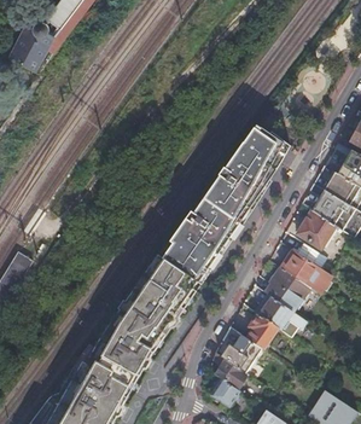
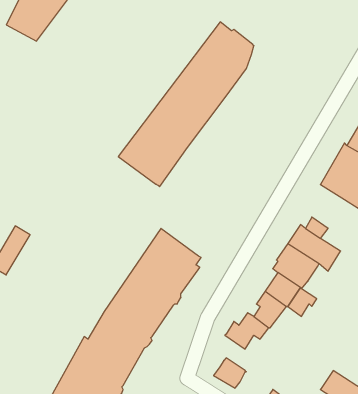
building: [158,124,289,283] -> [118,22,254,187]
building: [297,211,334,249] -> none
building: [212,352,249,390] -> none

